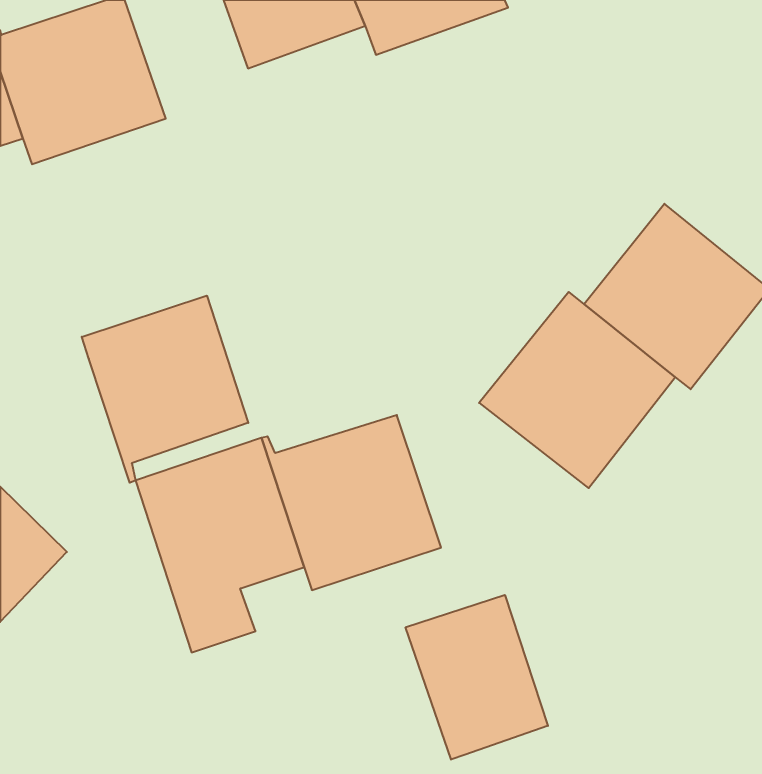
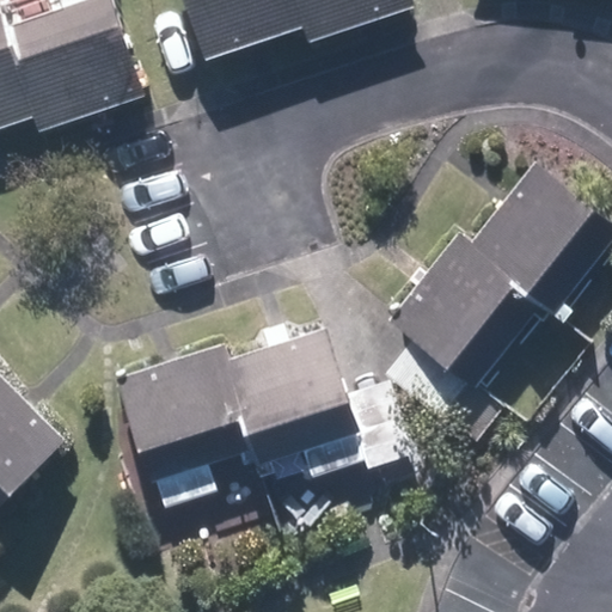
building: [82,296,248,483] -> none
building: [406,595,548,760] -> none

